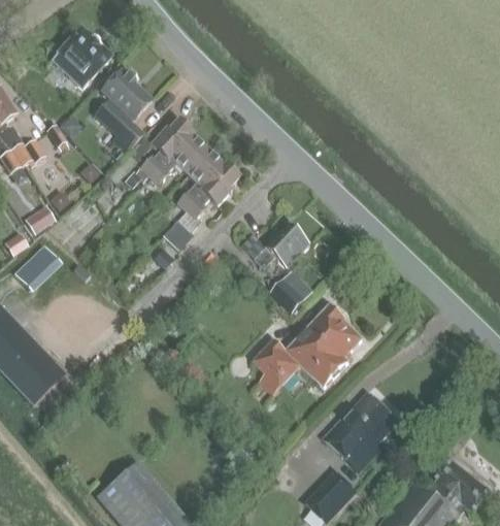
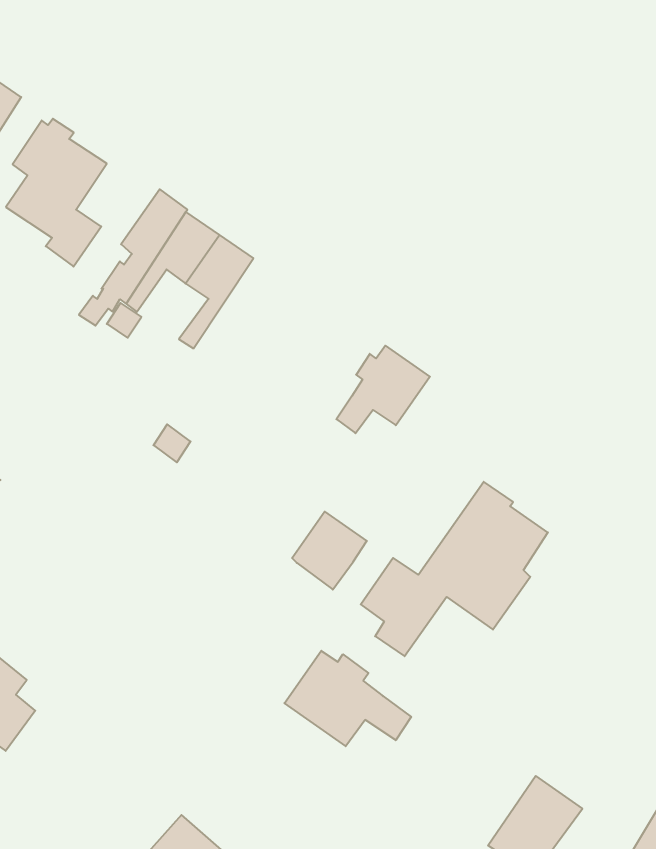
building: [162,162,238,250] -> none
building: [271,268,313,311] -> [292,512,367,590]
building: none -> [284,651,411,746]
building: [324,393,398,469] -> none

